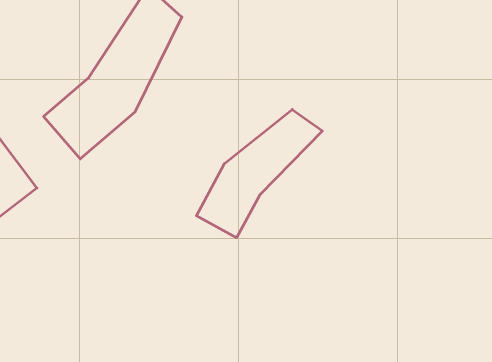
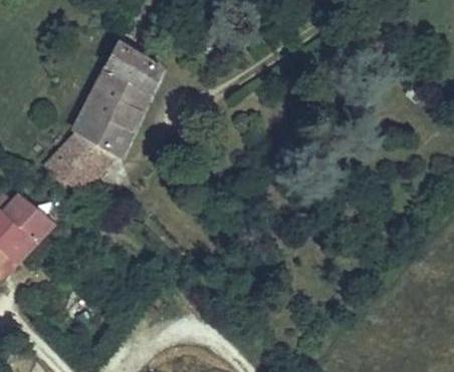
building: [196,109,322,238] -> none

